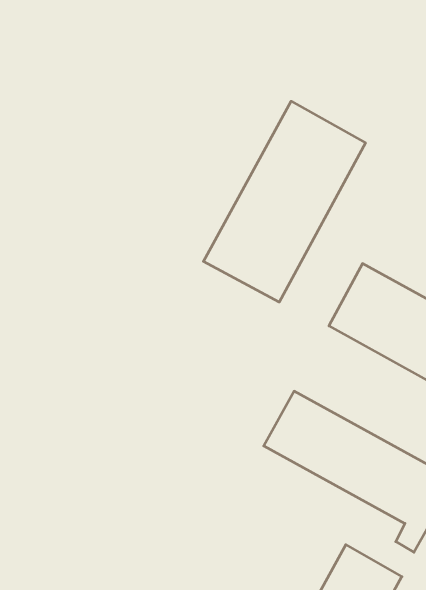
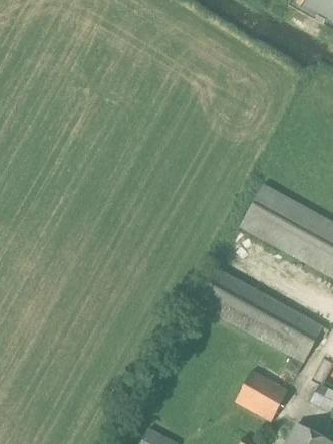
building: [203,101,365,302] -> none

